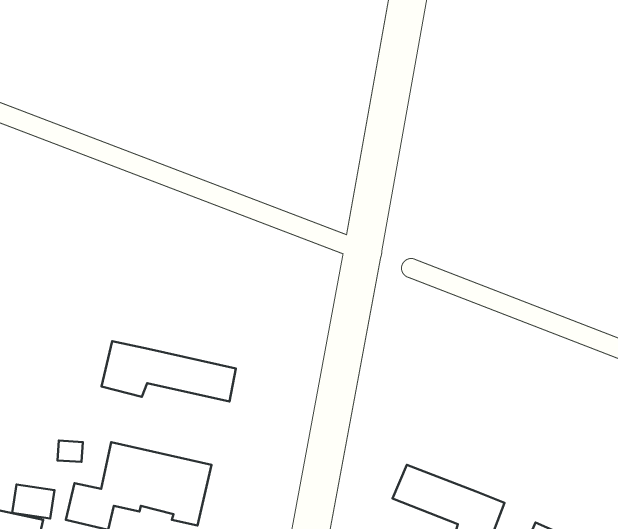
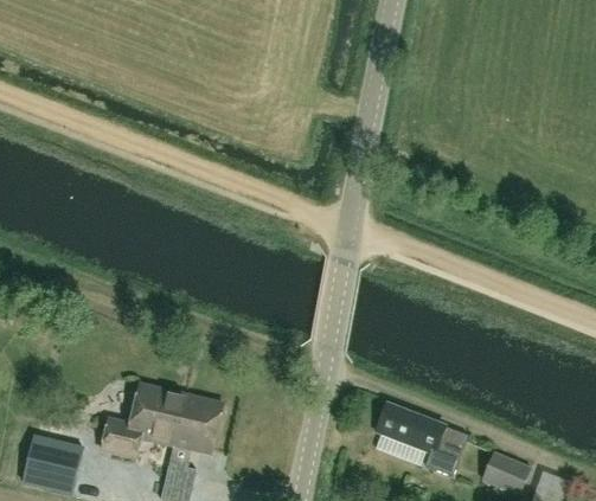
building: [102,341,236,401] -> none

